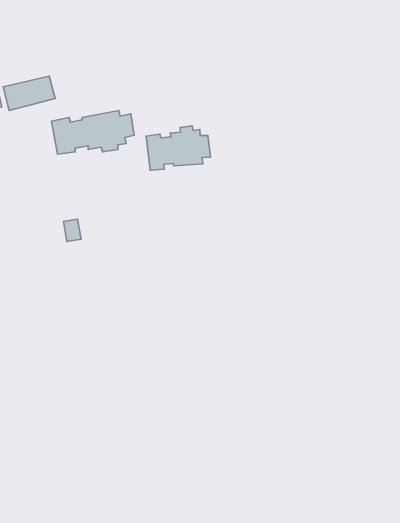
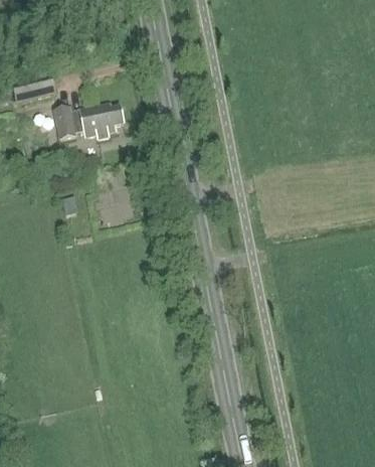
building: [146,126,211,170] -> none

